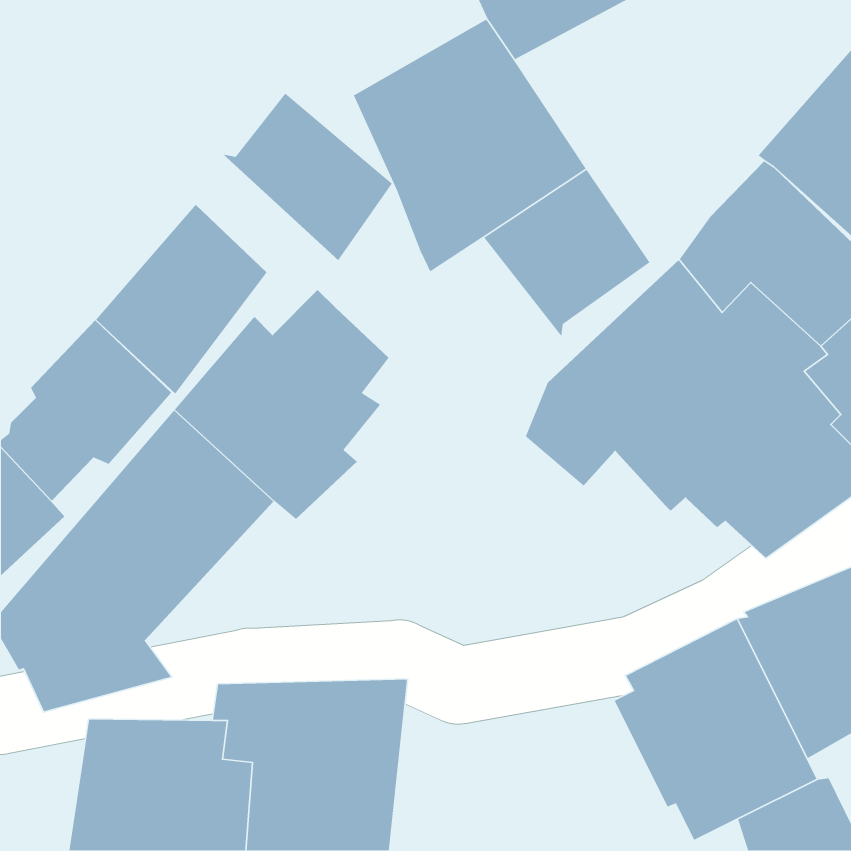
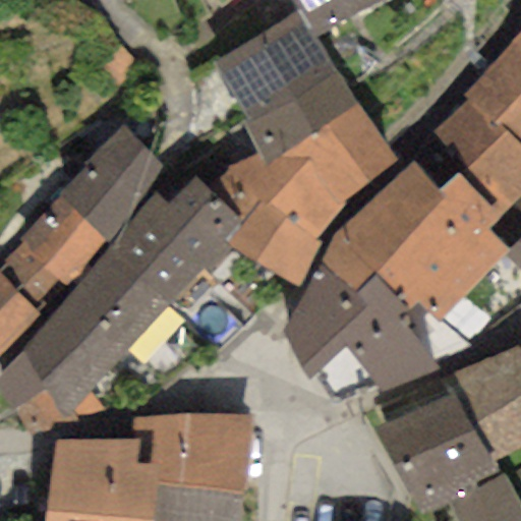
building: [221,92,393,261] -> none
building: none -> [207,144,344,286]
building: none -> [284,266,438,402]

